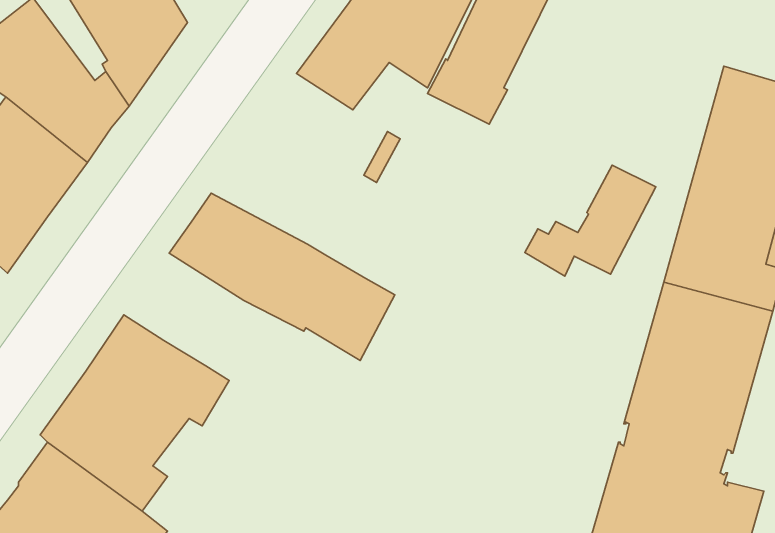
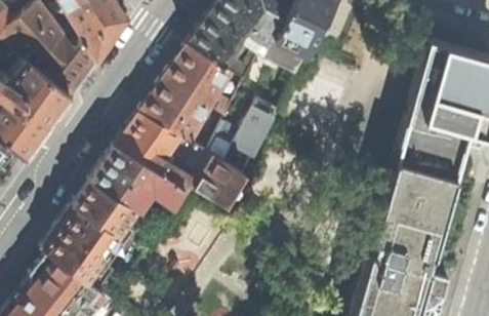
building: none -> [139,45,232,142]
building: [525,165,656,276] -> [204,98,278,161]
building: none -> [90,147,192,230]

